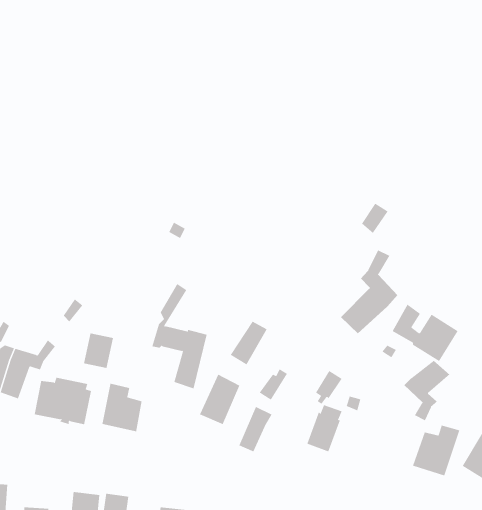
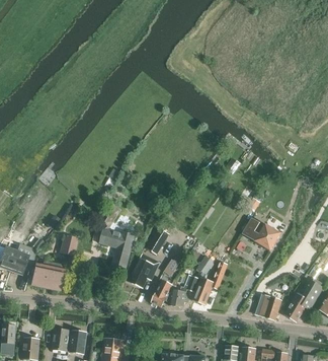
building: [340,250,398,334] -> none
building: [404,360,450,421] -> none
building: [102,383,142,432] -> none
building: none -> [169,275,199,307]

